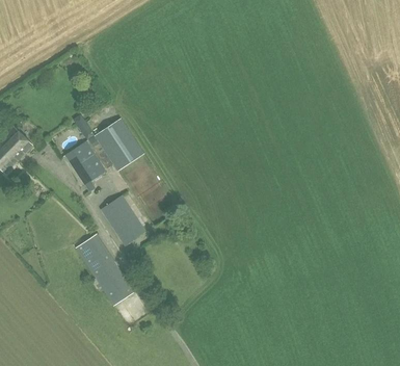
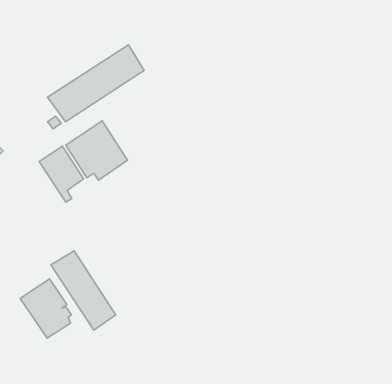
building: none -> [48,45,144,122]
building: [101,191,146,244] -> [20,279,72,338]

